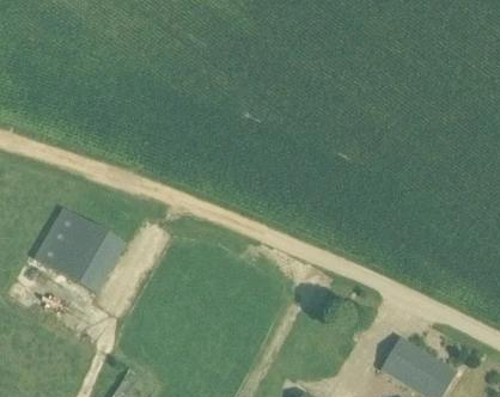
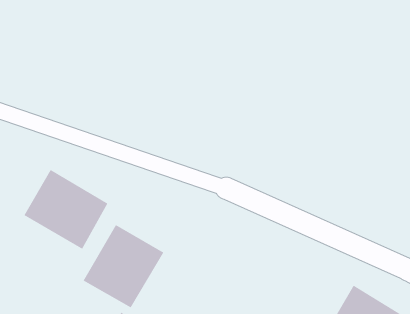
building: none -> [83,224,164,308]

